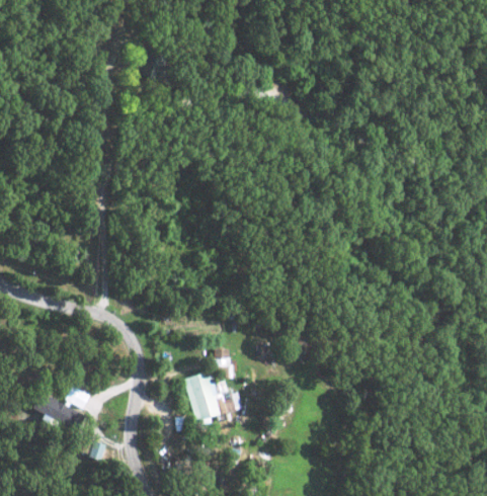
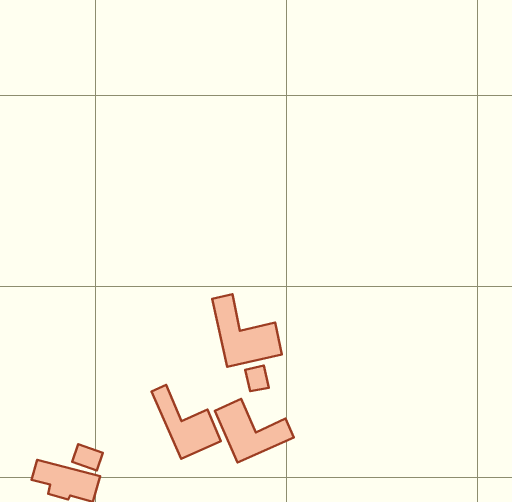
building: none -> [212,294,282,367]
building: none -> [152,385,221,459]

